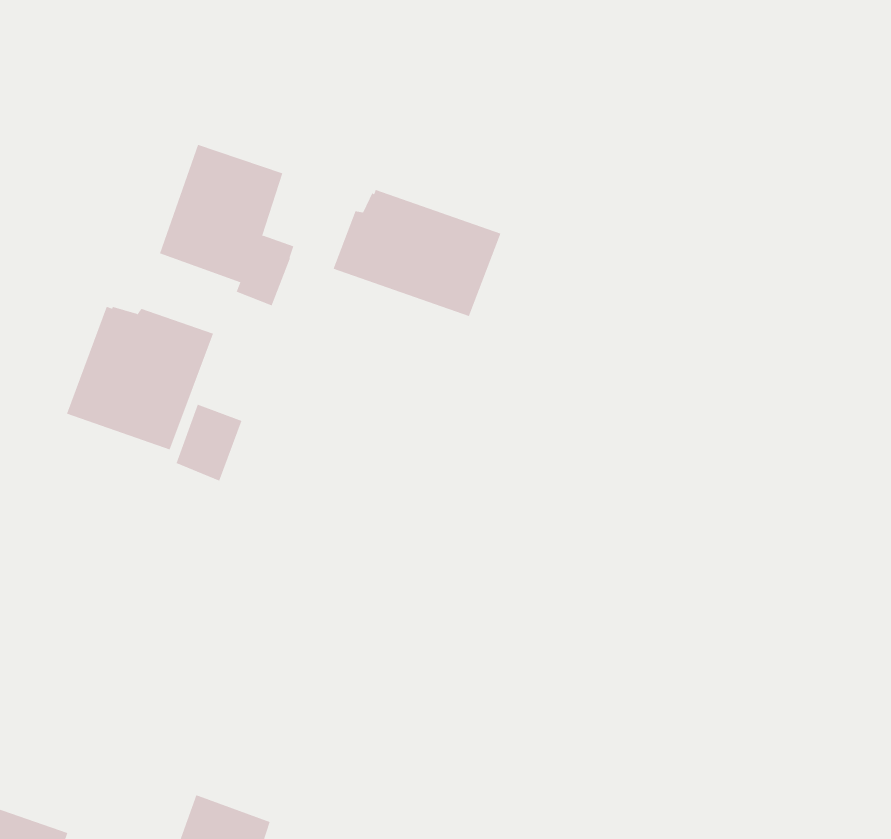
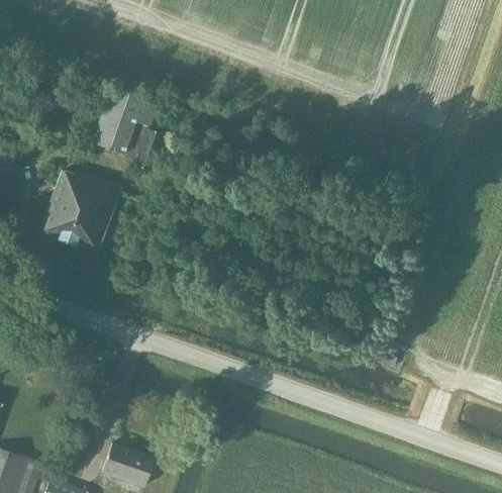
building: [333,189,501,317] -> none
building: [176,404,242,481] -> none

